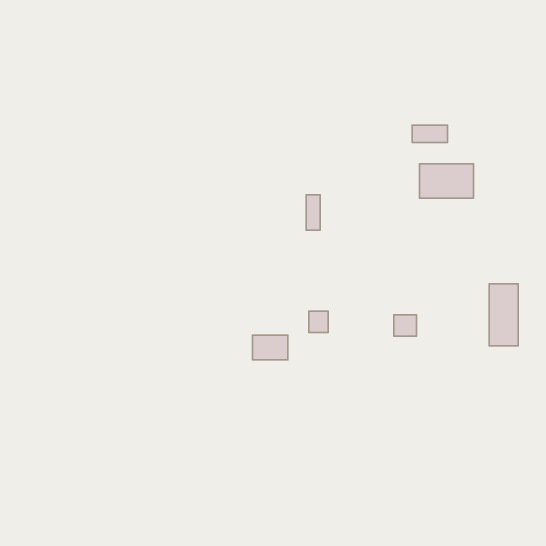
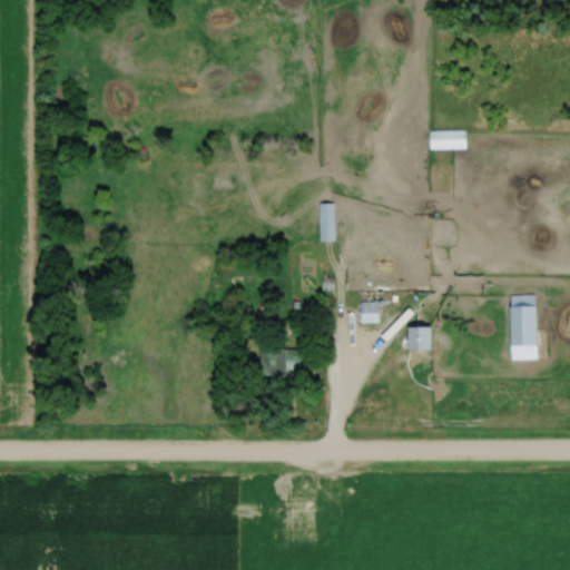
building: [420,164,473,198] -> none
building: [309,311,328,333] -> [360,302,380,324]

